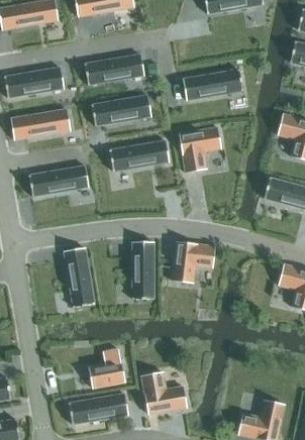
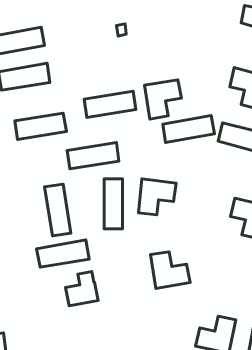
building: [84,54,143,85] -> none
building: [183,69,242,100] -> [163,115,215,143]
building: [91,95,150,125] -> [67,143,119,169]
building: [141,371,187,414] -> [151,252,190,289]
building: [68,393,128,424] -> [37,240,89,267]

